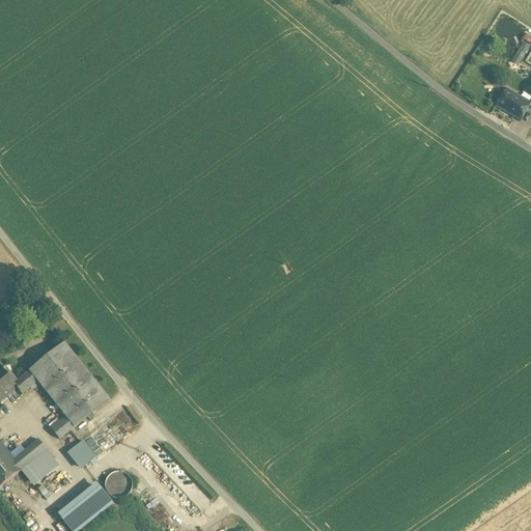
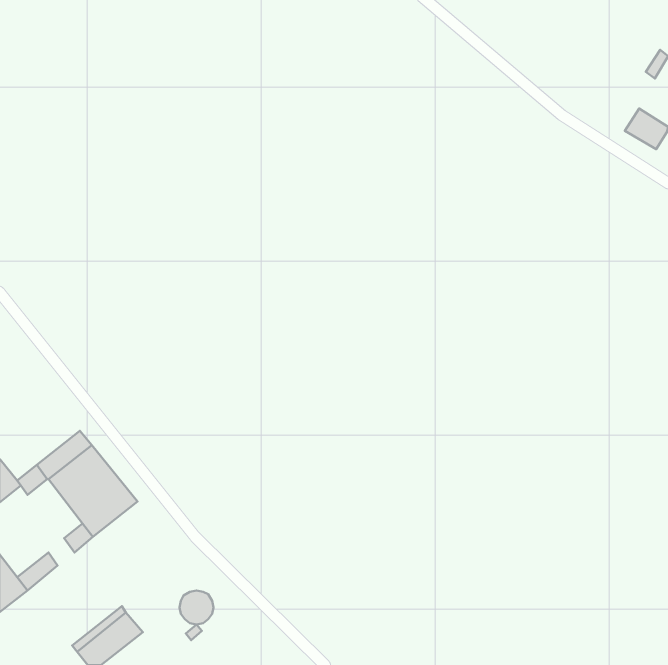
building: [67,436,96,465] -> none
building: [22,448,56,480] -> none
building: [105,470,132,497] -> [179,590,213,624]

